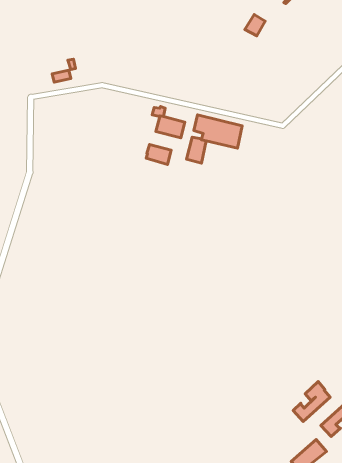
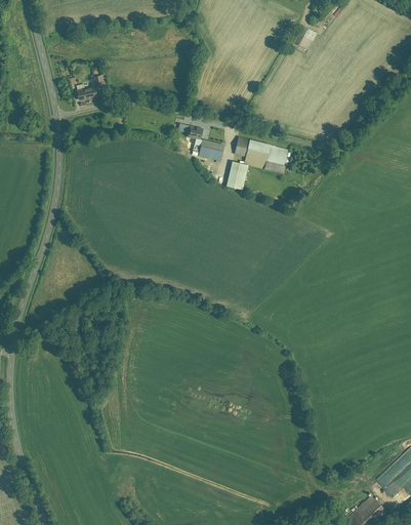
building: [146,145,171,165] -> none
building: [293,381,330,422] -> none

